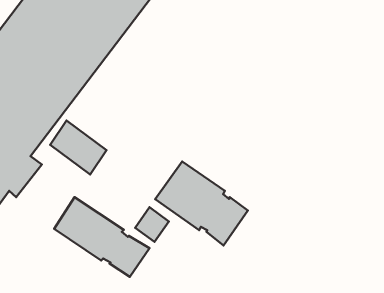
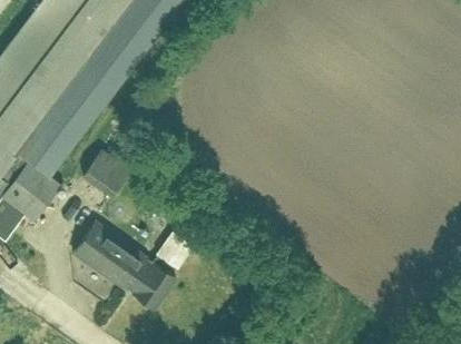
building: [155,161,248,245] -> none

